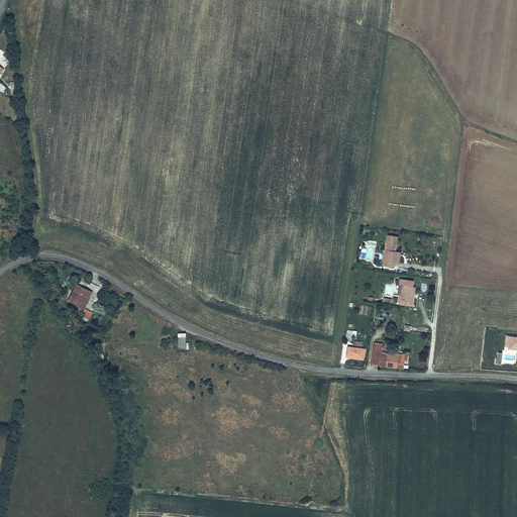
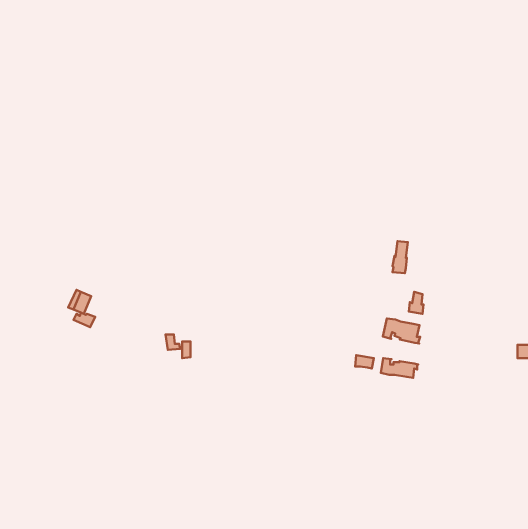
building: none -> [383,318,420,343]

